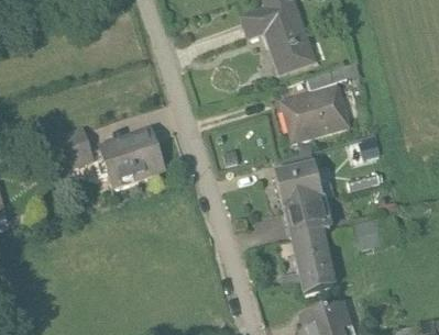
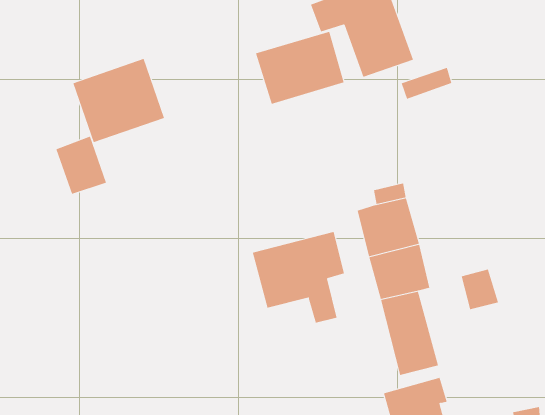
building: [286,90,353,145] -> [255,31,344,104]
building: [92,118,162,181] -> [73,58,165,143]
building: none -> [252,231,344,324]

